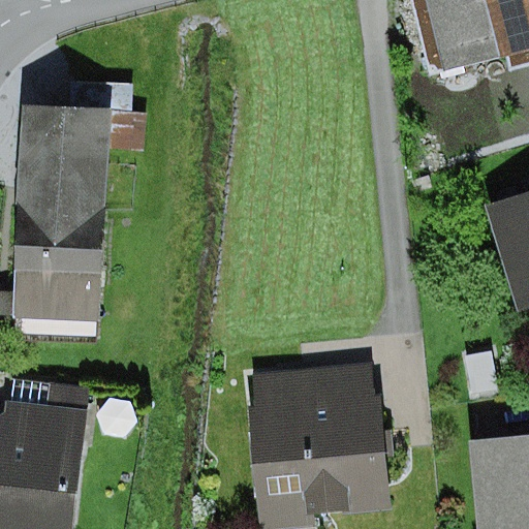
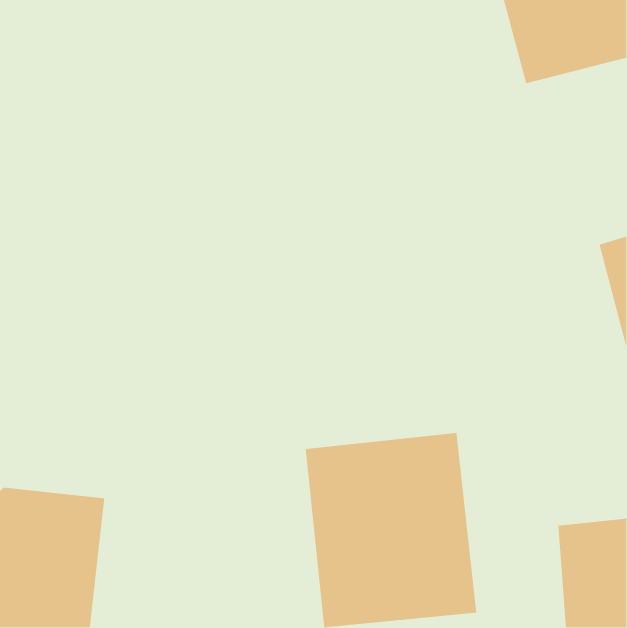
building: [5,114,114,329] -> none

